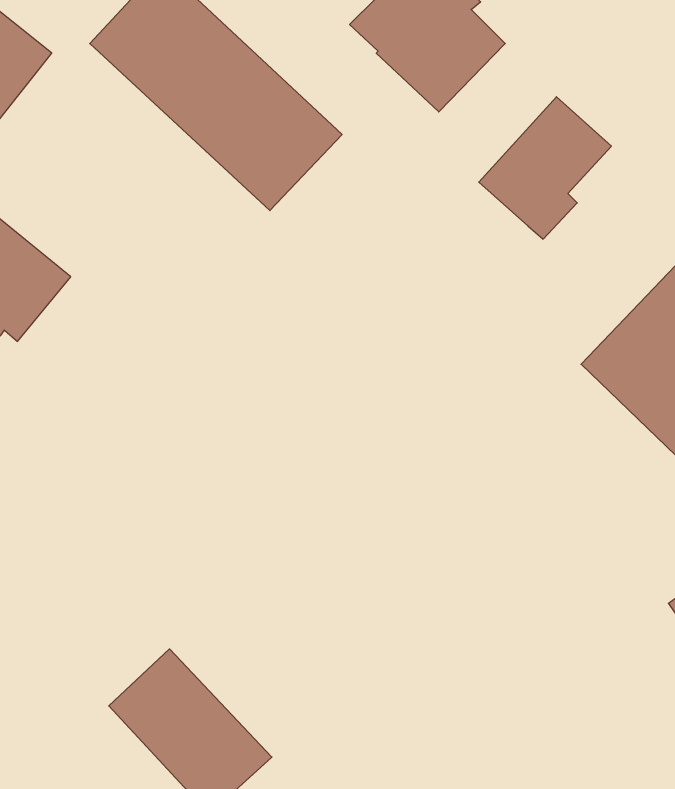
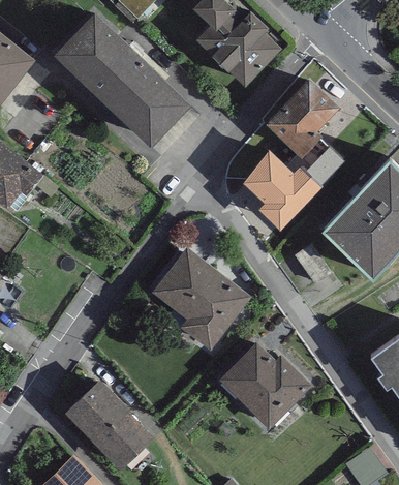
building: none -> [237,138,347,228]
building: none -> [151,249,250,354]
building: none -> [218,344,311,431]

